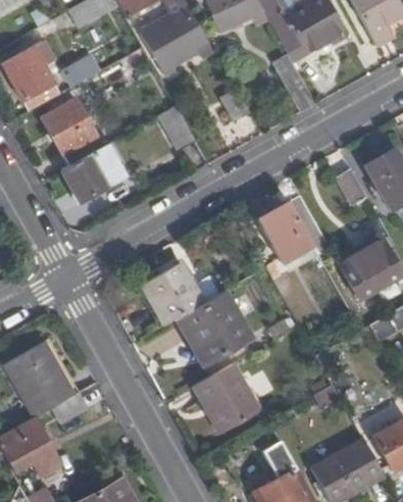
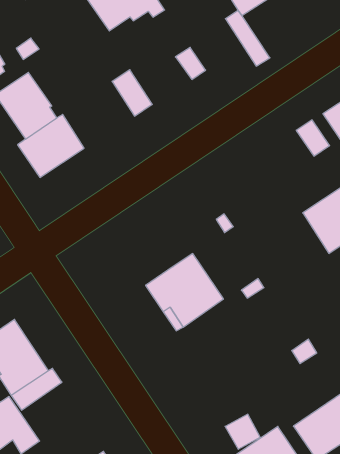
building: [254,194,330,274] -> none
building: [142,263,204,325] -> none
building: [192,361,259,428] -> none

